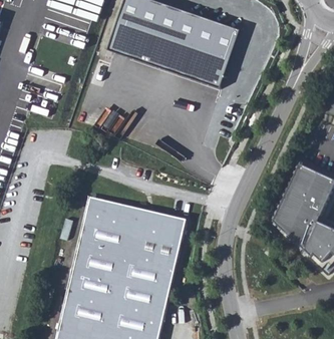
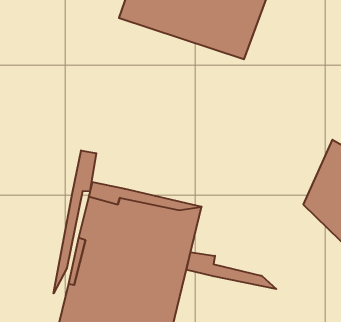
building: none -> [53,150,96,293]
building: none -> [187,252,276,289]

